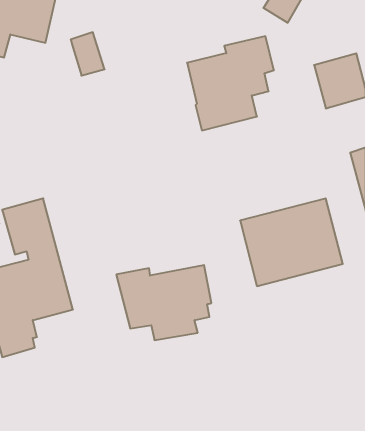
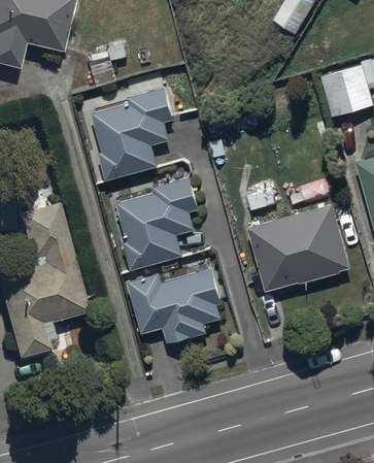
building: [187,36,274,130] -> [92,88,176,179]
building: none -> [116,178,200,270]

